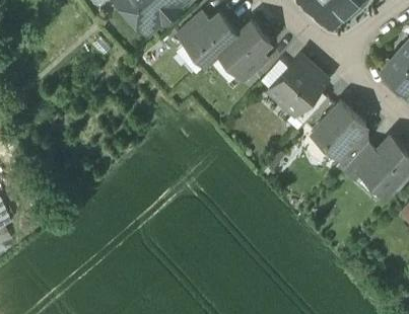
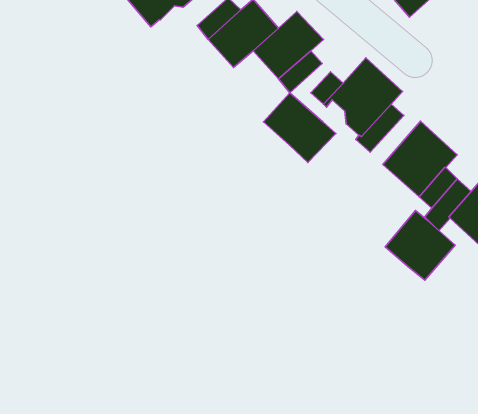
building: none -> [264,93,336,162]
building: none -> [385,210,455,280]

